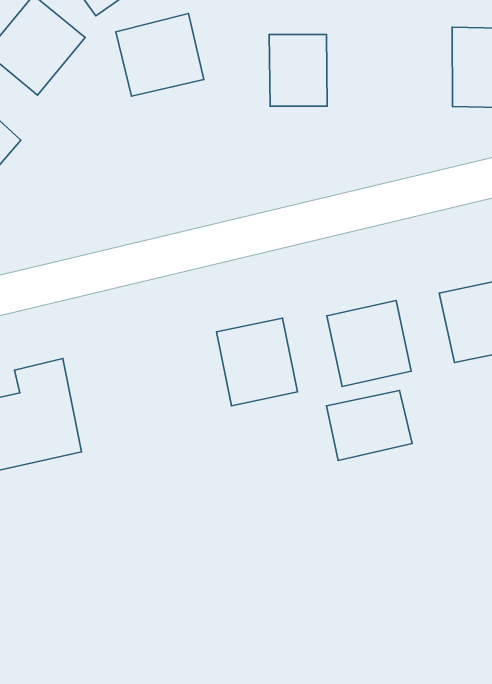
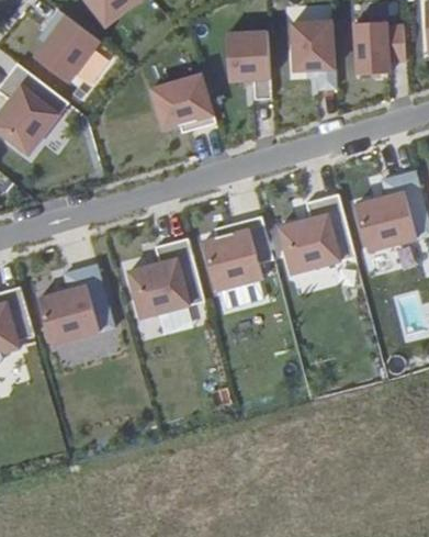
building: [116,13,204,96] -> [151,72,214,132]
building: none -> [291,20,336,89]
building: none -> [127,238,203,317]
building: [327,391,412,461] -> none

